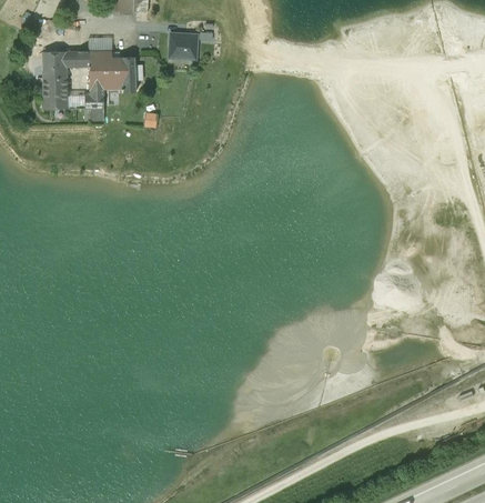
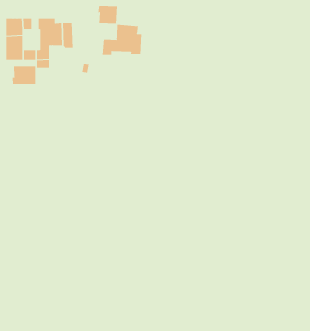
building: none -> [102,24,142,56]
building: none -> [12,65,36,85]

